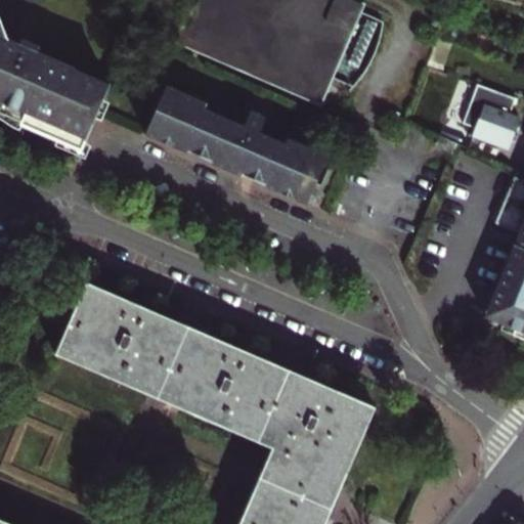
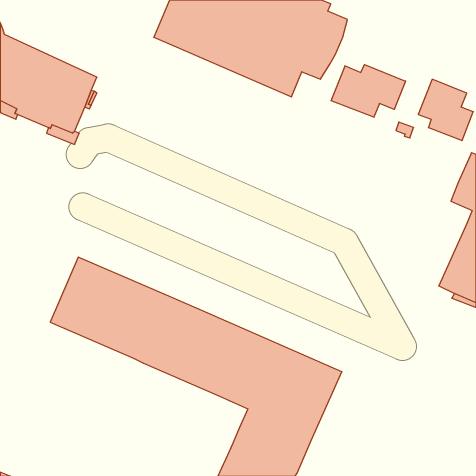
building: none -> [331,65,406,117]
building: [145,89,326,205] -> none

